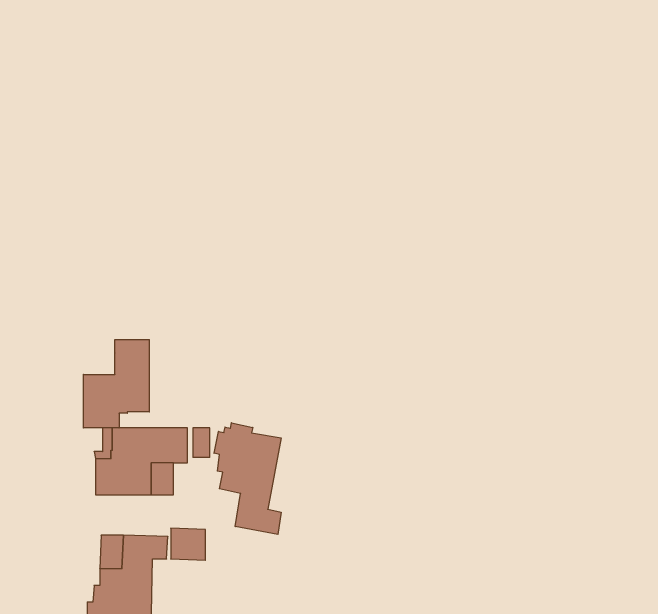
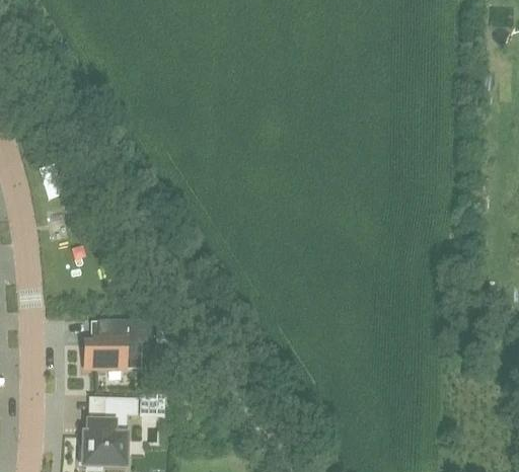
building: [83,340,149,428] -> none
building: [214,423,281,534] -> none

